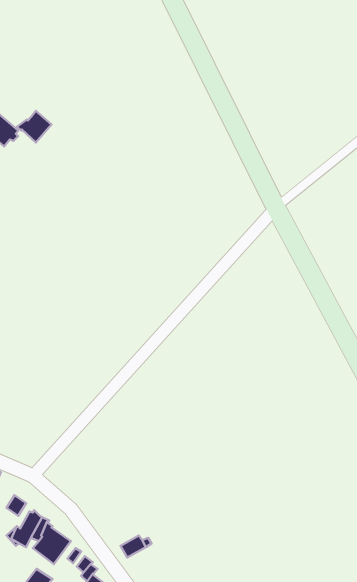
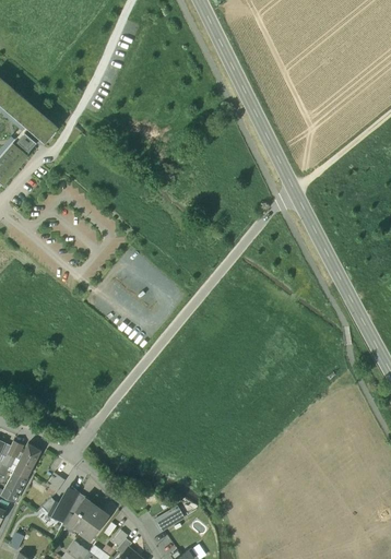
building: [17,111,52,142] -> none

